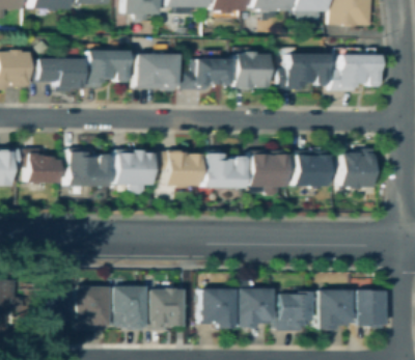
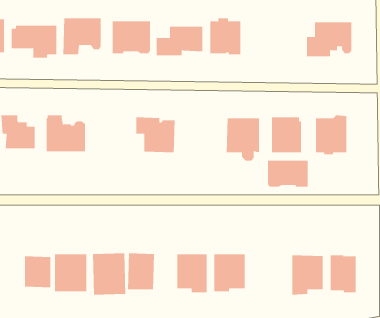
building: [281,54,328,89] -> none
building: [118,147,155,193] -> none
building: [208,150,247,188] -> none
building: none -> [268,160,308,188]
building: [279,290,312,330] -> none

